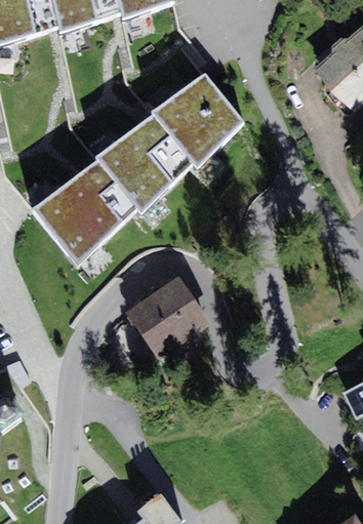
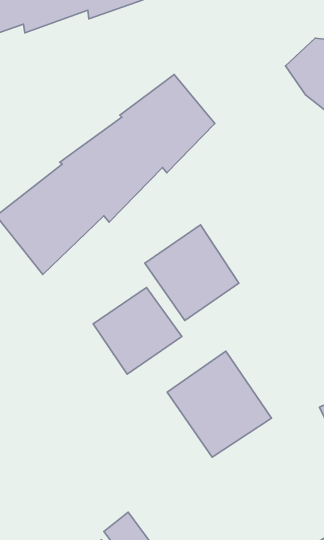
building: none -> [145,225,239,321]
building: none -> [167,351,272,457]

